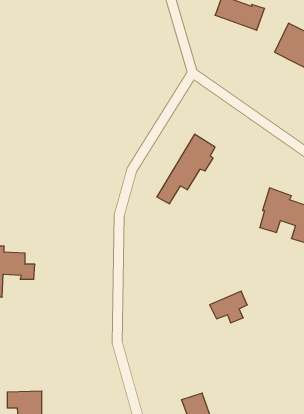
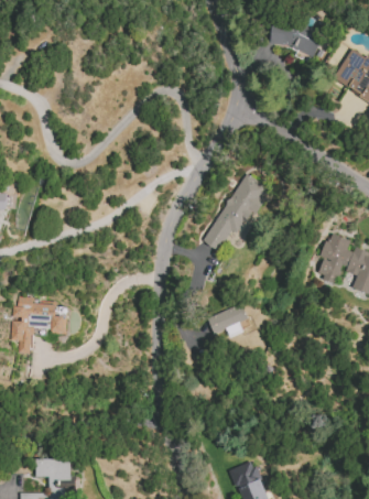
building: [210,291,247,323] -> [206,302,248,337]

